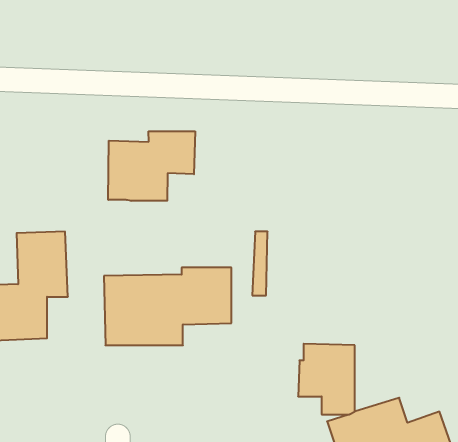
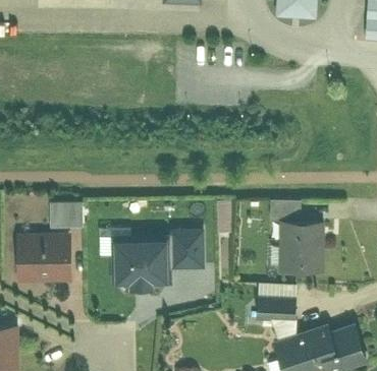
building: [108,131,195,201] -> none
building: none -> [269,201,325,272]

